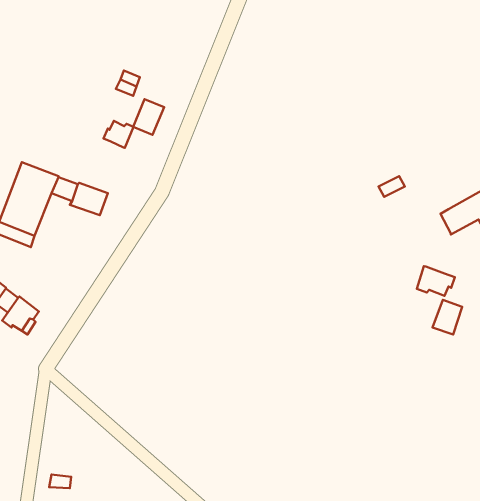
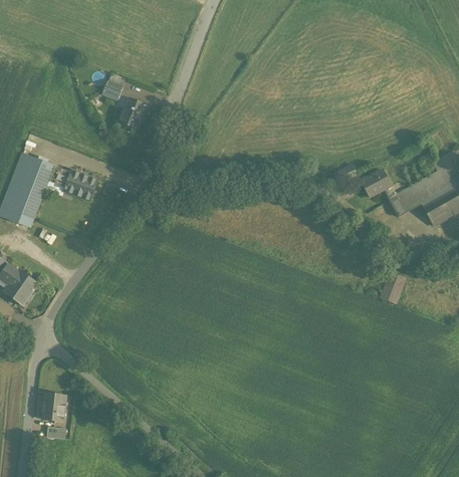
building: [104,121,133,148] -> none
building: none -> [360,169,395,198]
building: [417,266,455,296] -> none
building: none -> [41,393,64,421]

